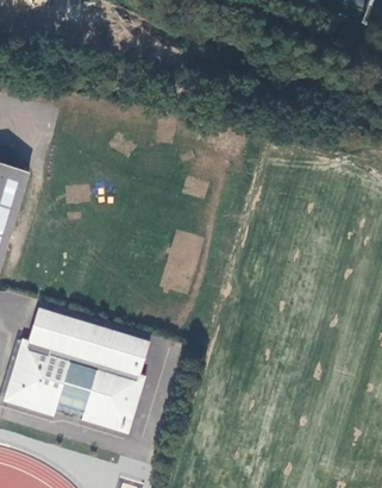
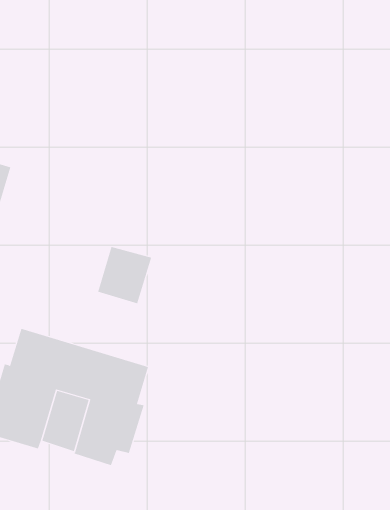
building: none -> [98,246,152,304]

